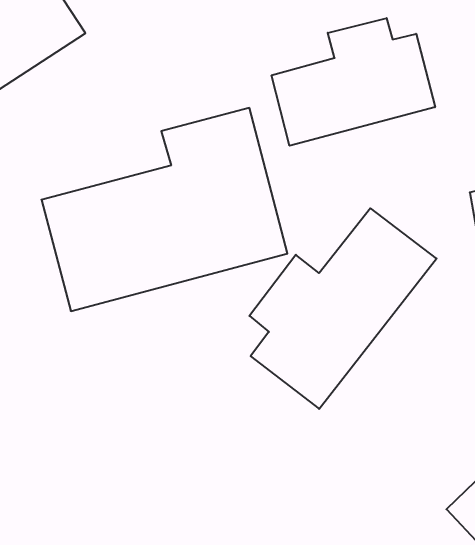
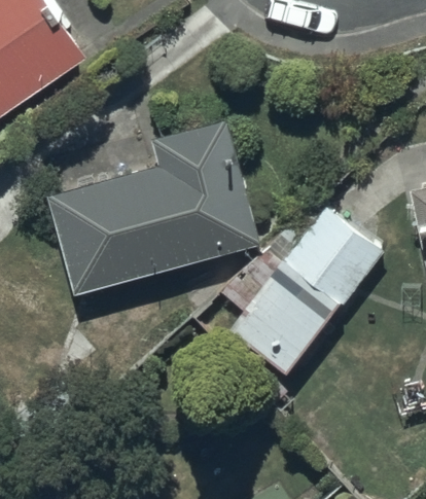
building: [272,18,435,146] -> none

